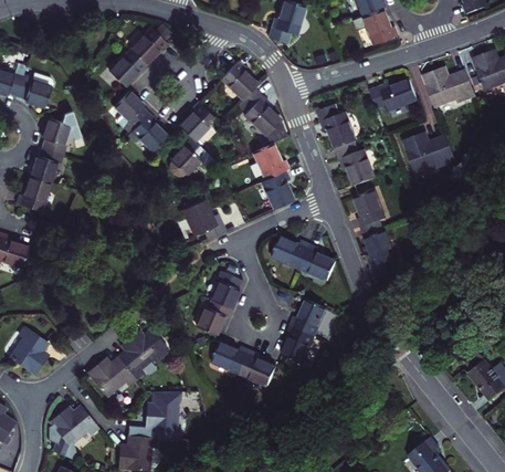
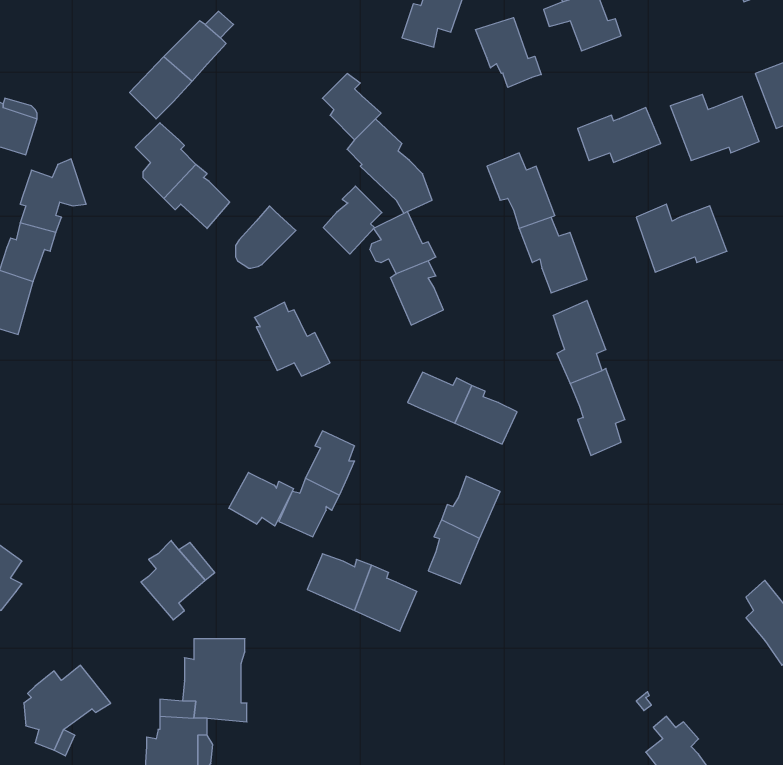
building: none -> [476,18,541,87]
building: [178,101,212,140] -> [323,186,382,254]
building: none -> [229,472,294,526]
building: [87,357,134,394] -> none

